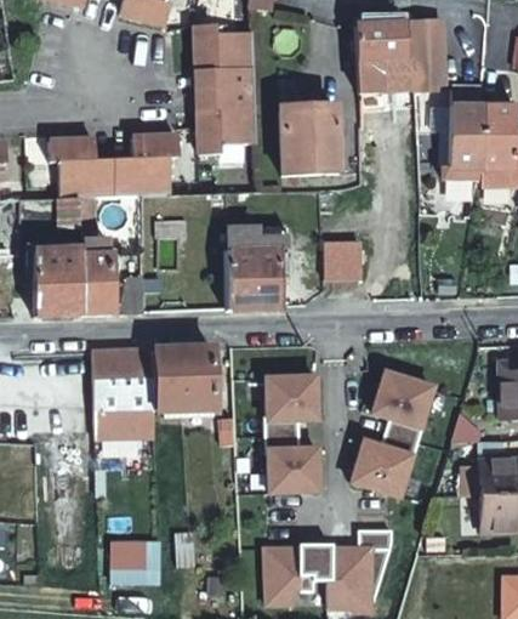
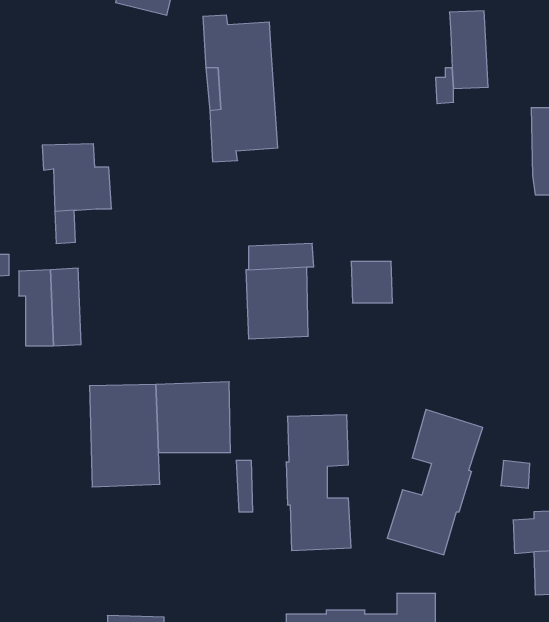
building: [353,22,404,92] -> none
building: [446,86,480,165] -> none
building: [279,108,341,174] -> none
building: [109,134,180,194] -> none
building: [81,194,113,313] -> none

